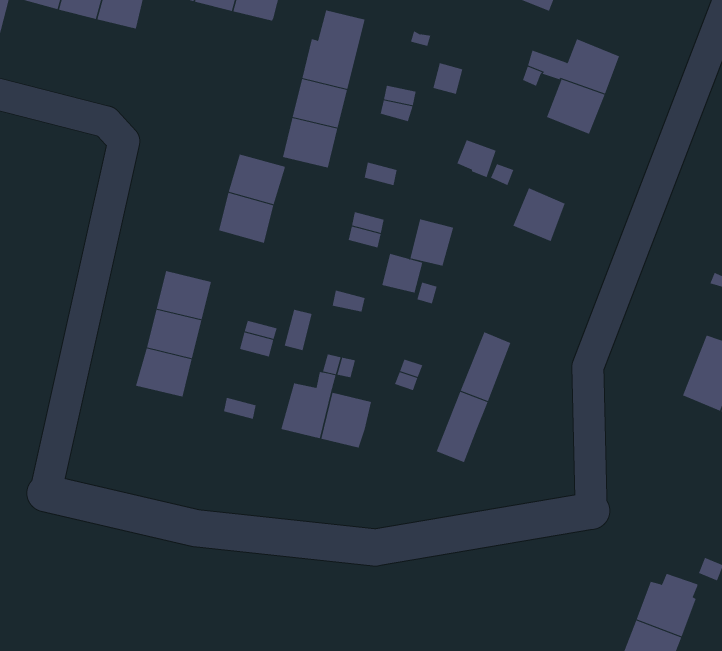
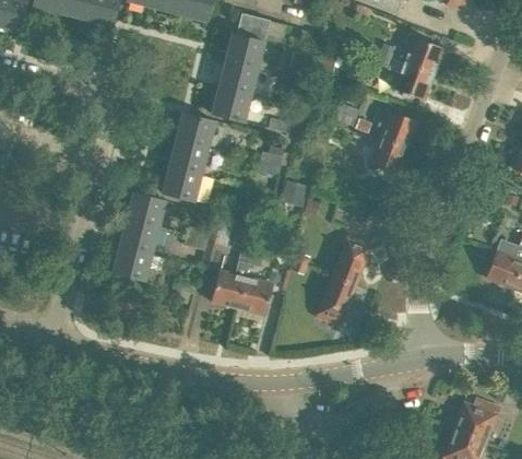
building: none -> [381,108,417,145]
building: [410,219,454,266] -> none
building: none -> [163,164,201,199]

